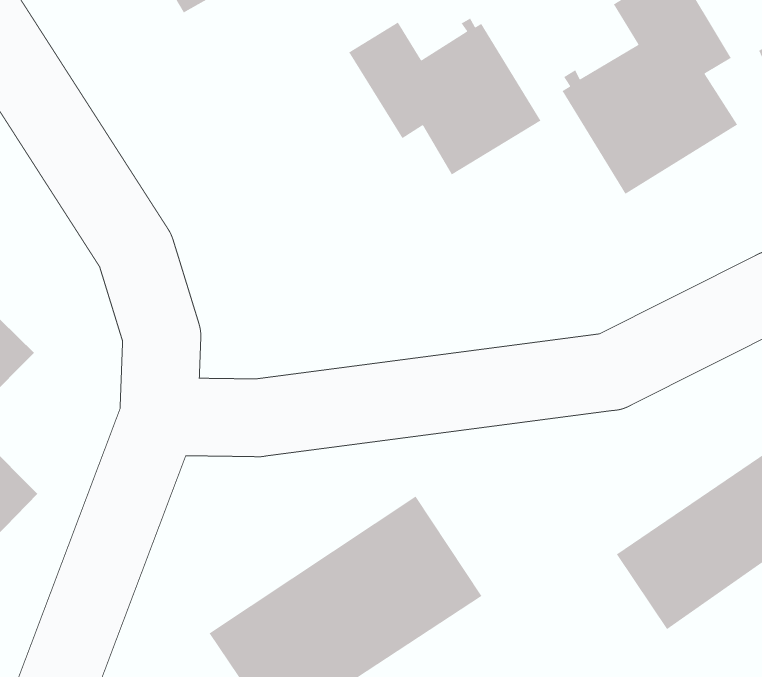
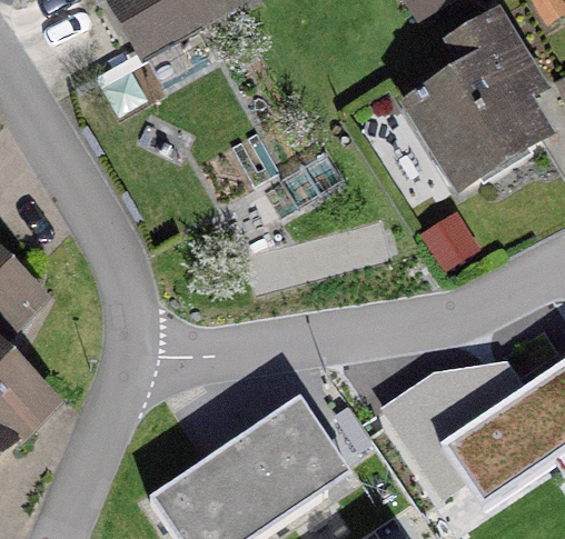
building: [348,17,542,175] -> none

